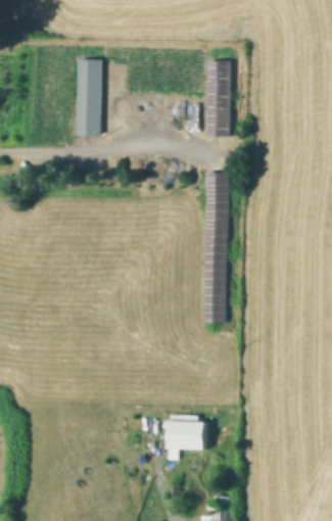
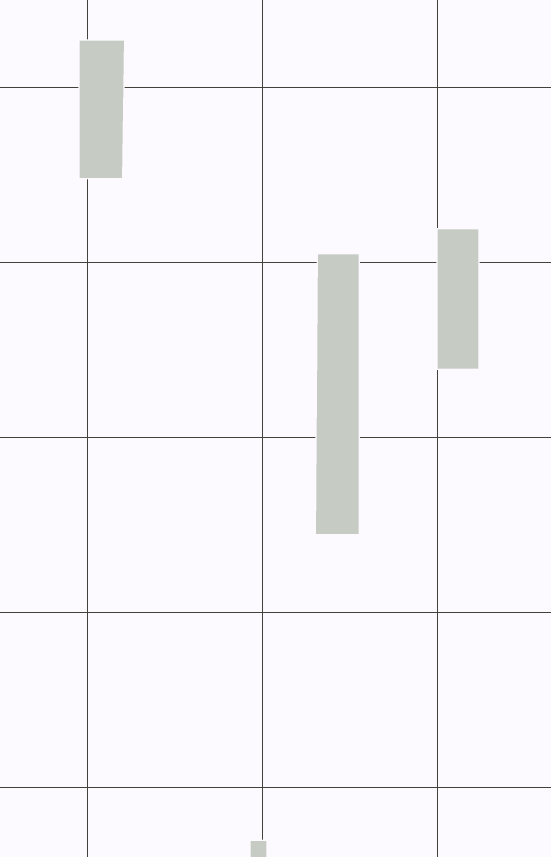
building: [206,63,229,138] -> [437,229,479,369]
building: [164,414,202,460] -> none

